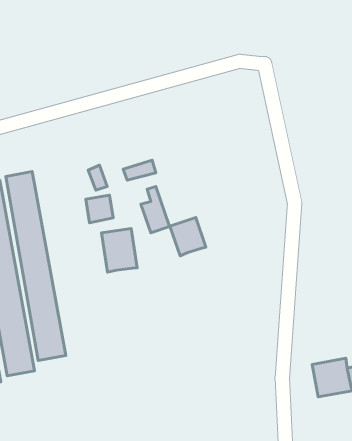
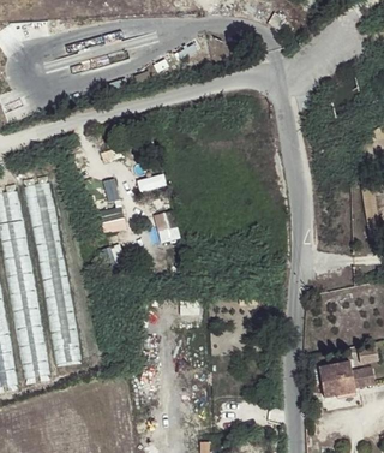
building: [170,218,206,256] -> none
building: [101,229,137,272] -> none

